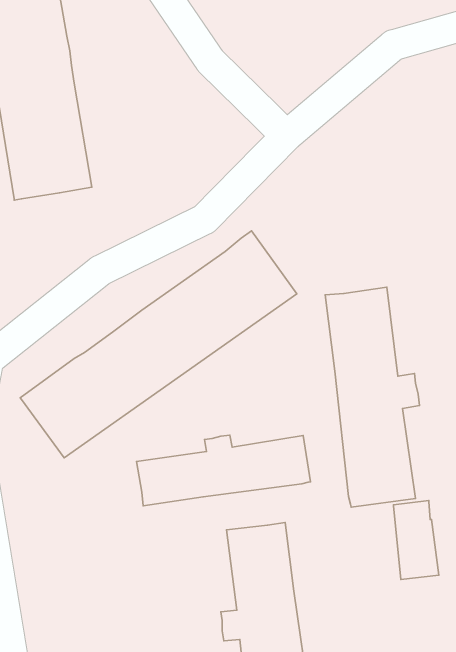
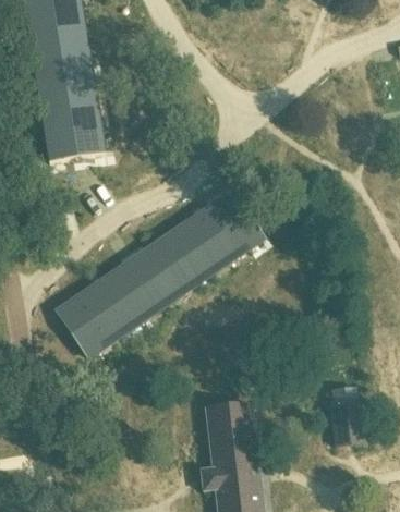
building: [325,287,419,507] -> none
building: [136,435,310,506] -> none

